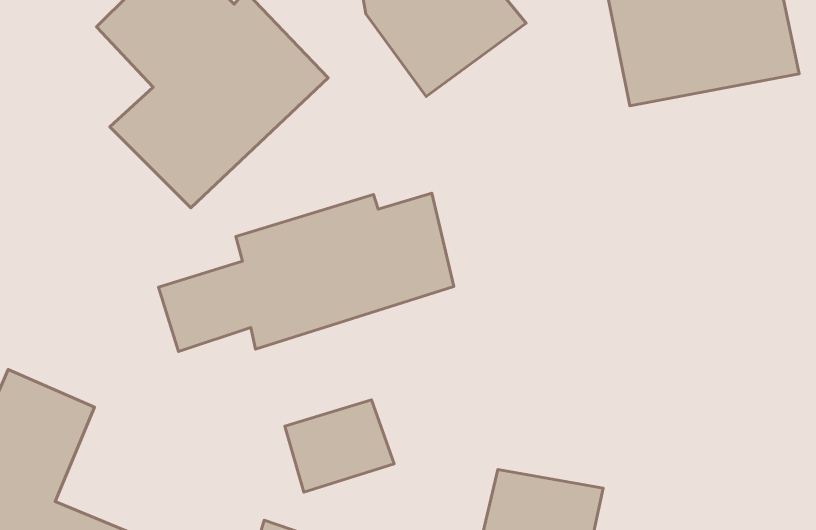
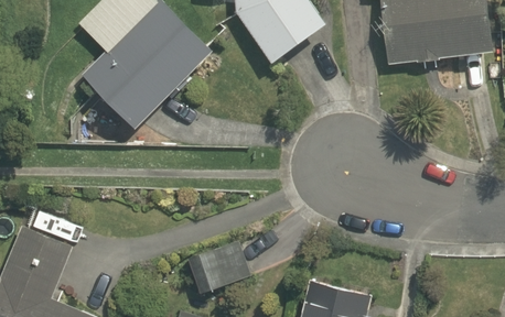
building: [158,193,454,351] -> none

